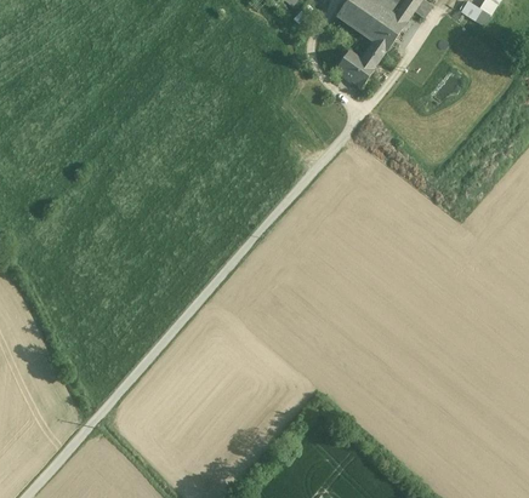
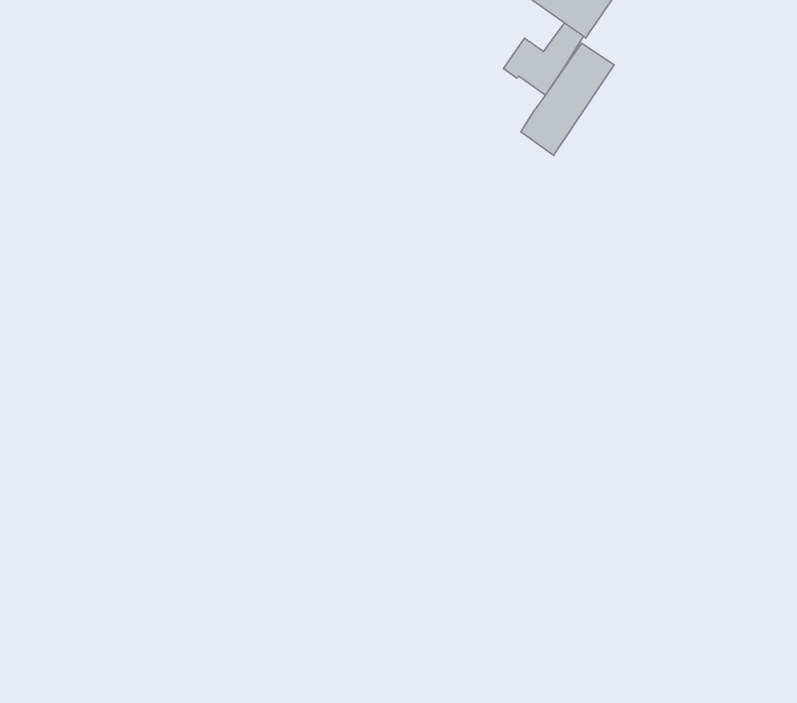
building: none -> [521,43,614,155]

